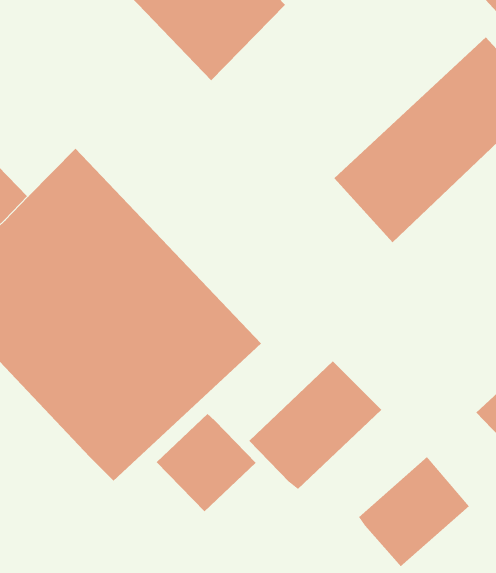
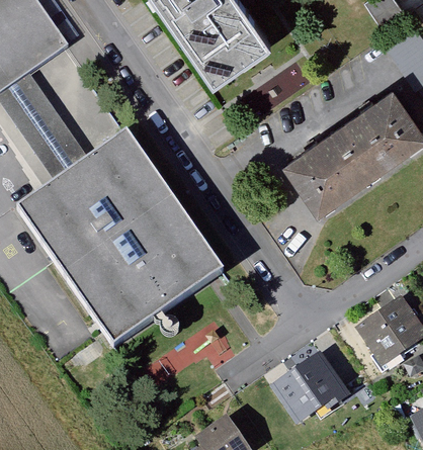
building: [249,361,382,490] -> none
building: [156,413,256,512] -> none

